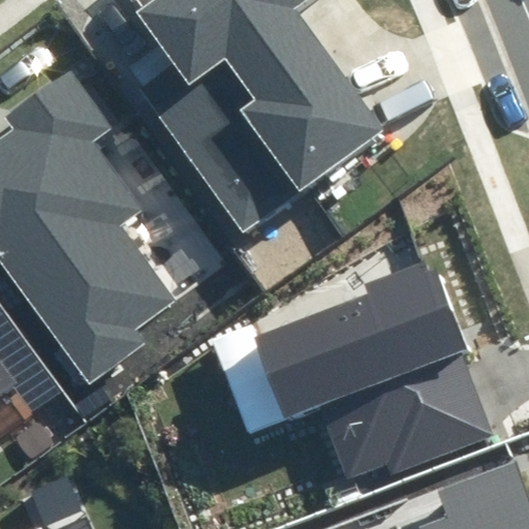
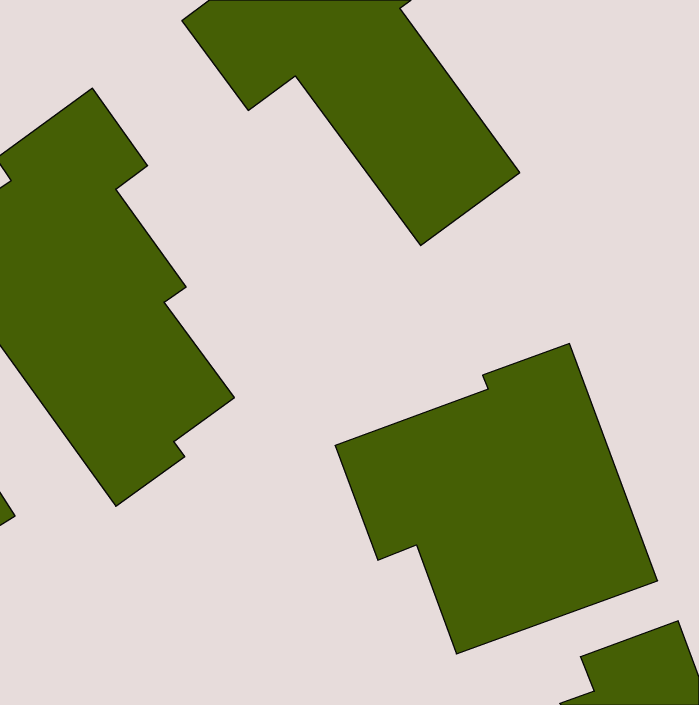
building: [147,57,315,239] -> none

